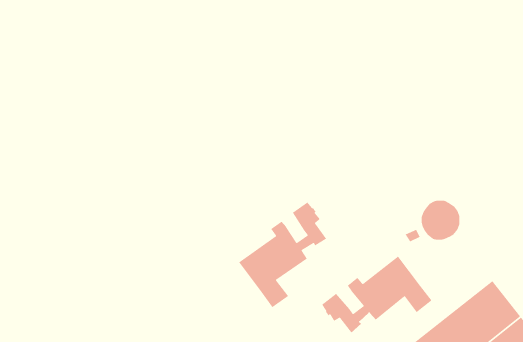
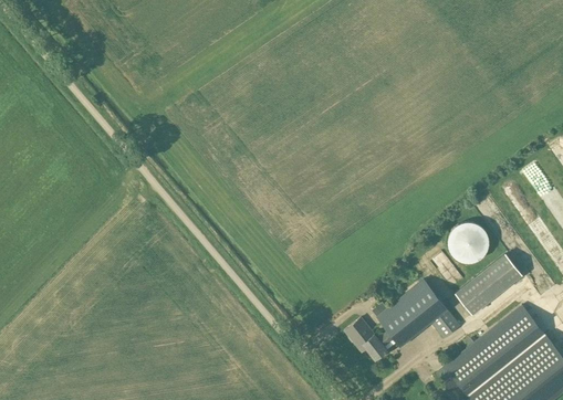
building: [238,201,327,308] -> none
building: none -> [455,253,522,315]

